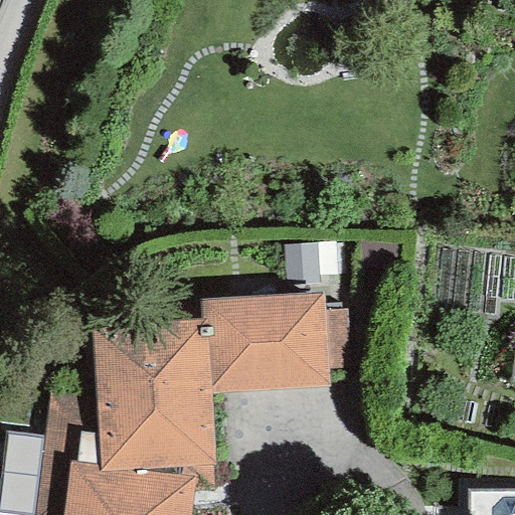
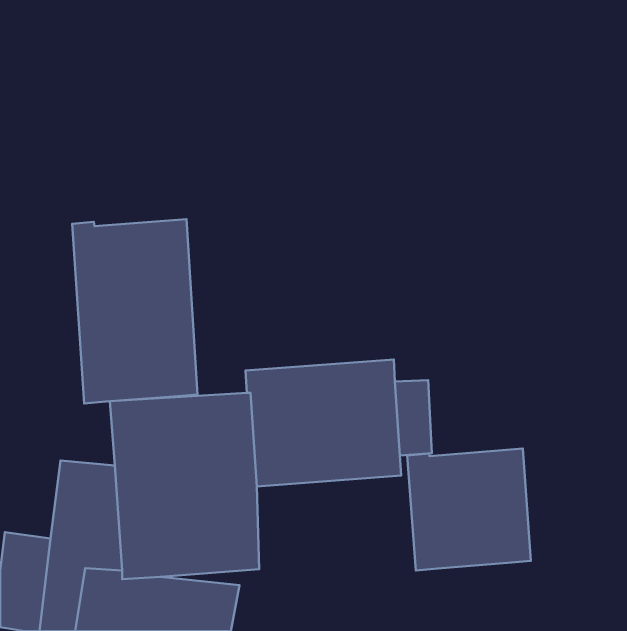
building: none -> [72,219,198,404]
building: none -> [407,449,531,571]

